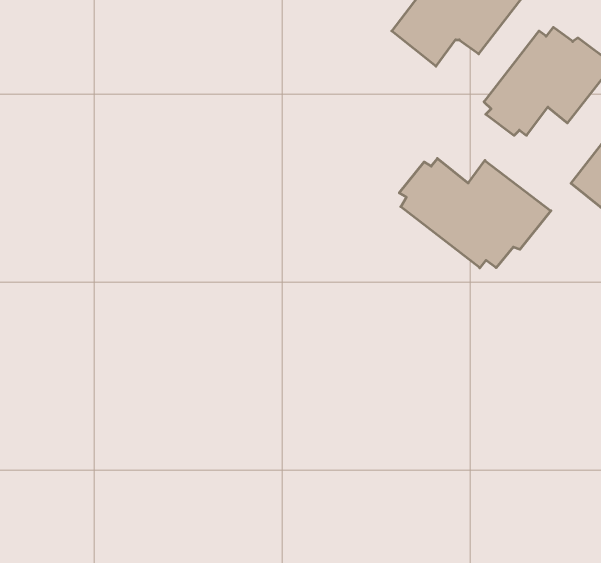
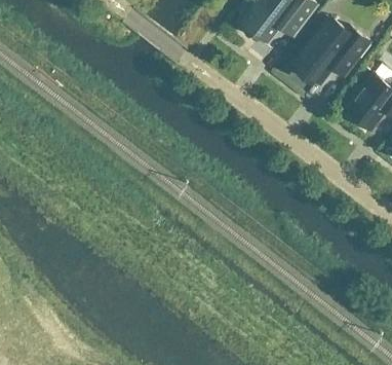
building: [399,158,551,268] -> none

